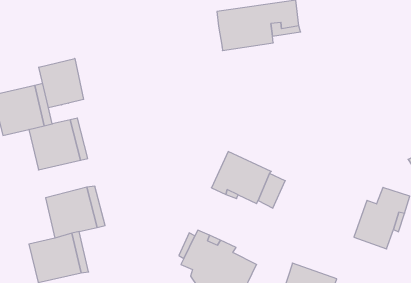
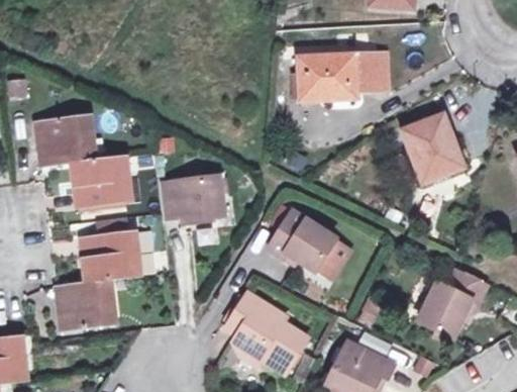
building: none -> [398,114,460,183]
building: [39,58,84,108] -> none
building: none -> [164,176,221,221]

